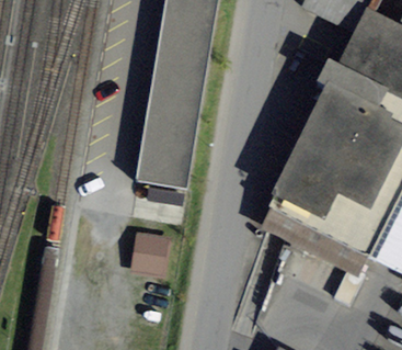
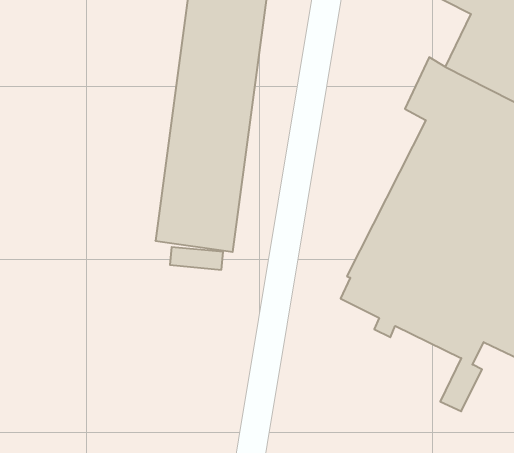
building: [130,227,171,272] -> none

